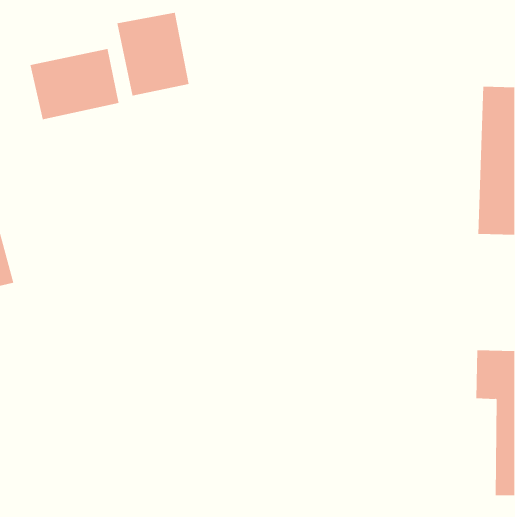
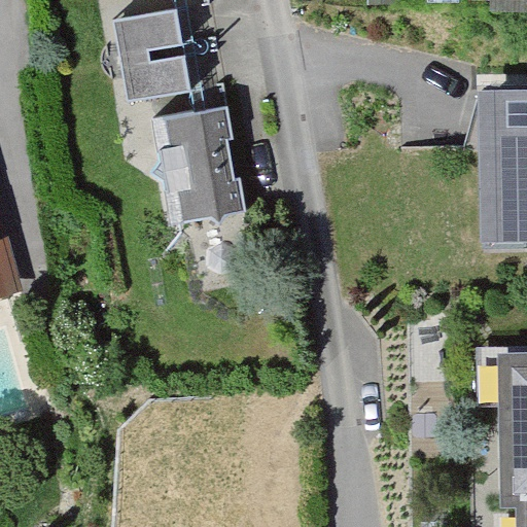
building: [30,48,119,120] -> none
building: none -> [161,109,241,217]

